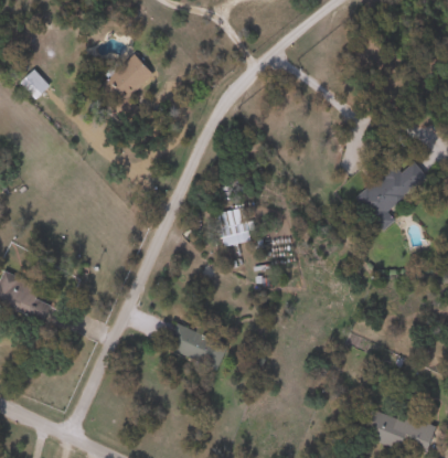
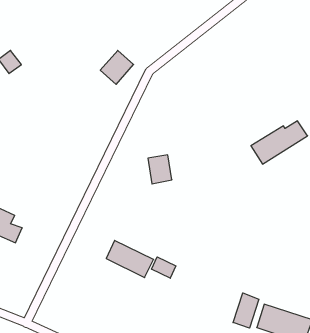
building: [107,51,151,96] -> [100,50,134,84]
building: none -> [152,257,176,278]
building: none -> [233,293,259,328]

